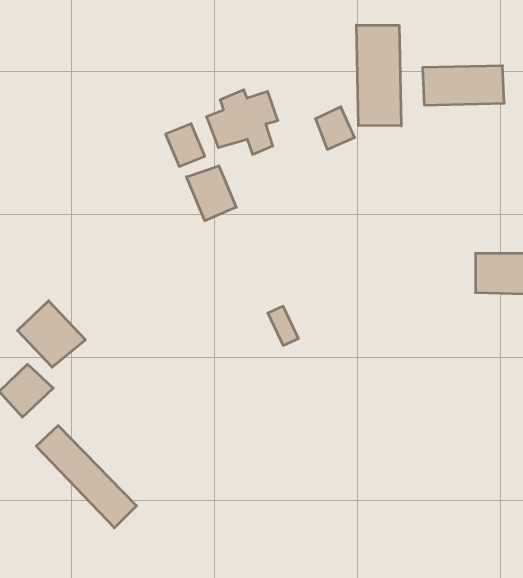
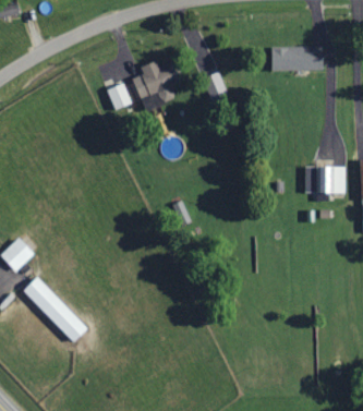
building: [356,25,401,126] -> none
building: [186,166,236,221] -> none
building: [17,301,85,367] -> none

